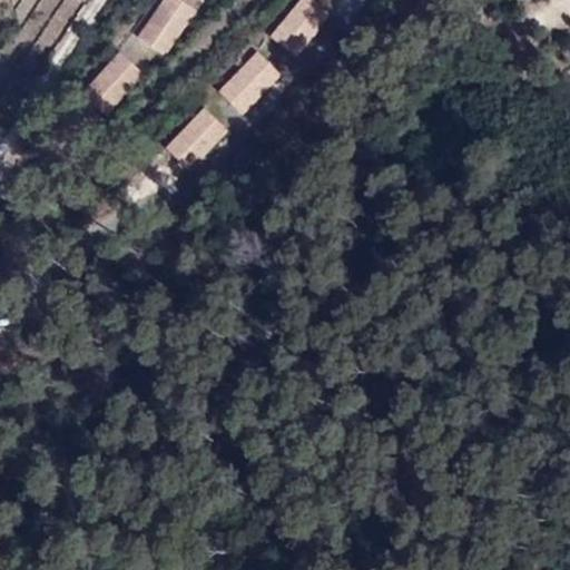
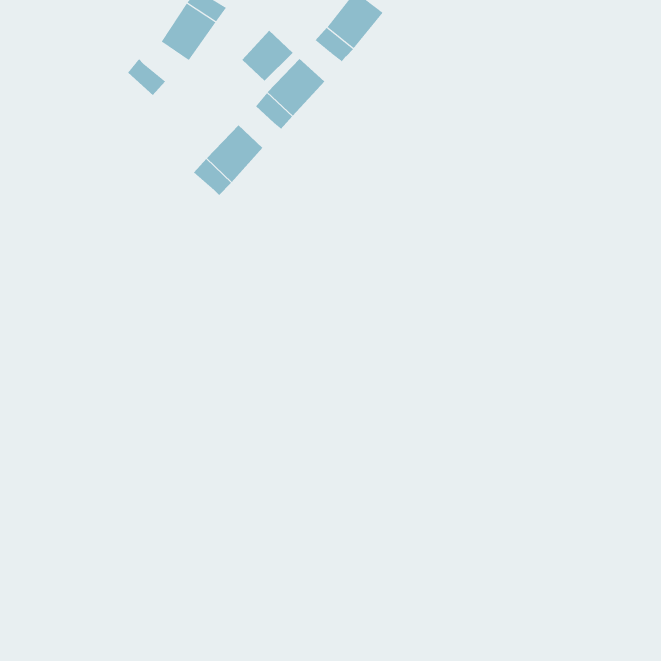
building: none -> [241,30,294,82]
building: [82,62,131,112] -> none

